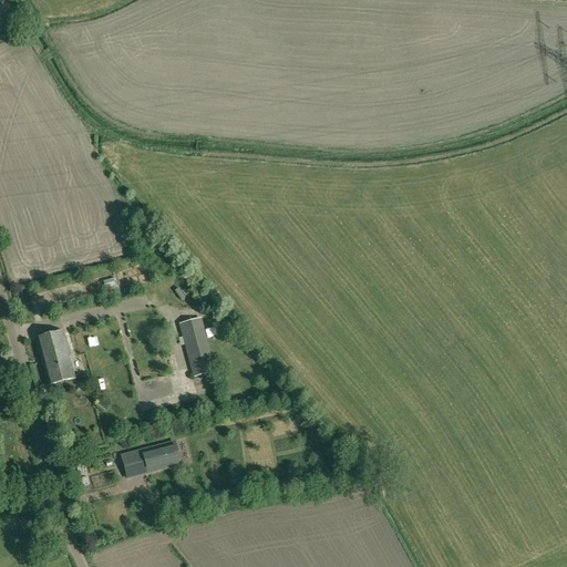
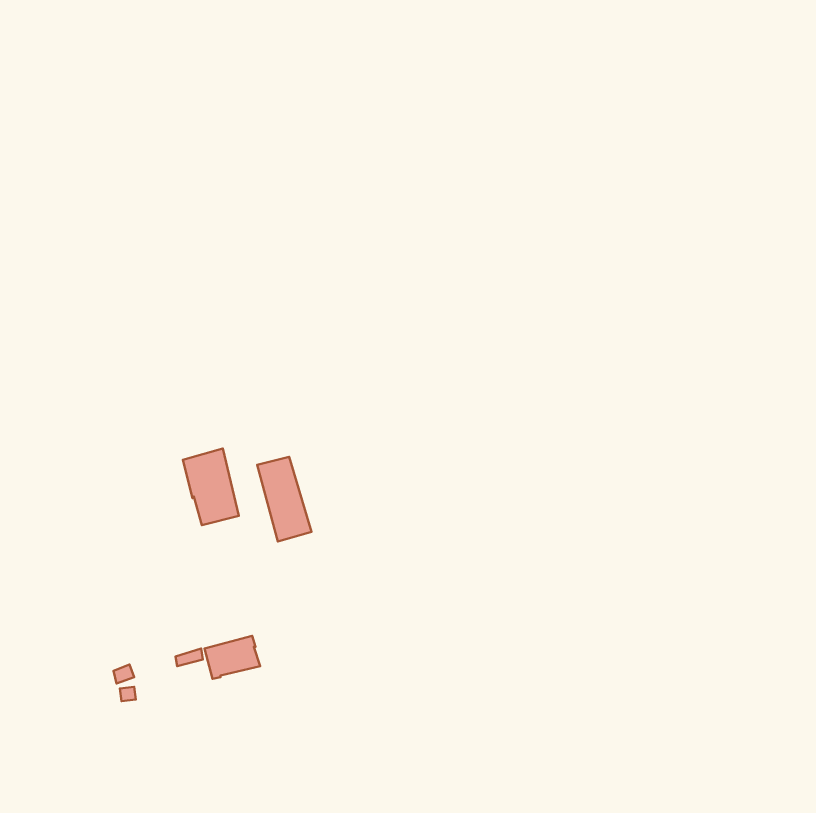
building: [35,329,74,382] -> [183,449,239,525]

